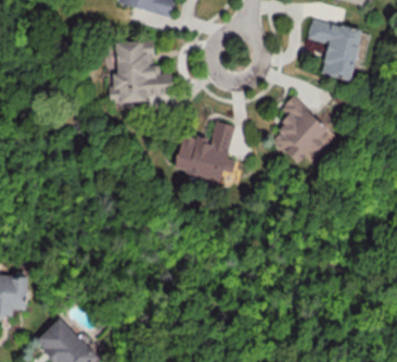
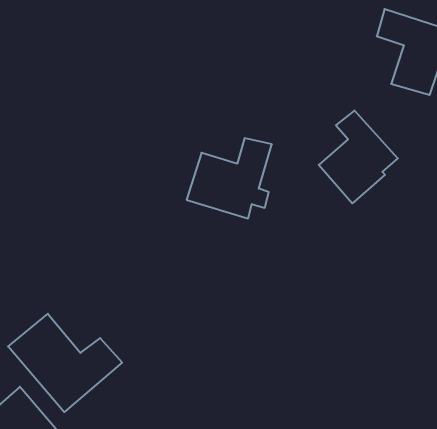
building: [107,41,174,103] -> none
building: none -> [8,314,122,412]

